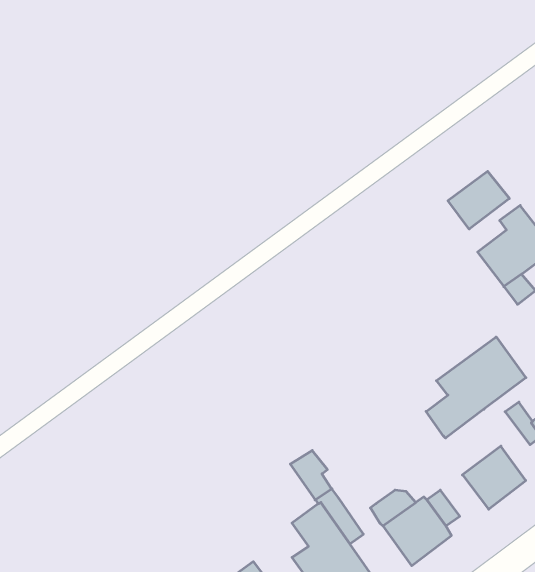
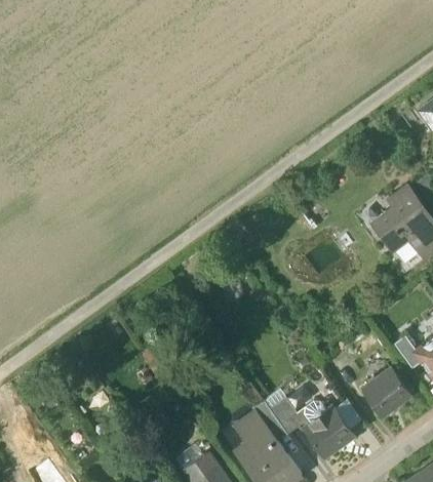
building: [448,171,509,229] -> none
building: [426,337,526,438] -> none
building: [290,450,332,500] -> [270,397,301,434]

